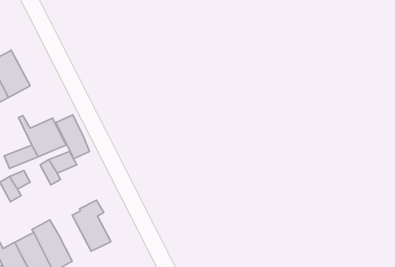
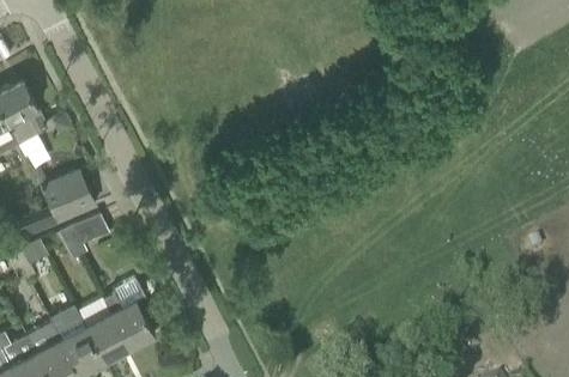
building: [56,115,90,159] -> none
building: none -> [86,305,129,353]

